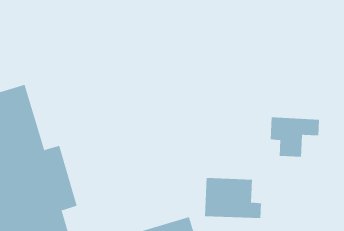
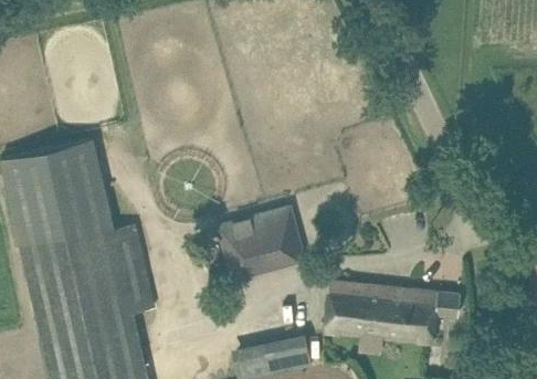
building: [270,117,320,157] -> [391,288,461,346]
building: none -> [217,208,305,278]

